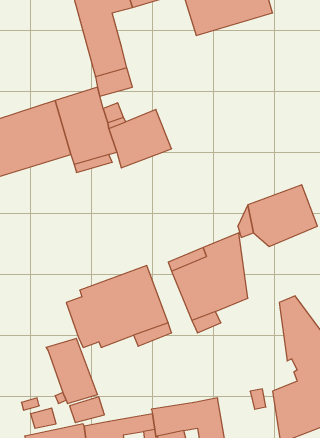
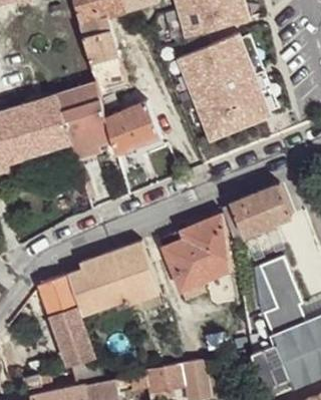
building: none -> [175,31,278,142]
building: none -> [38,276,76,315]

